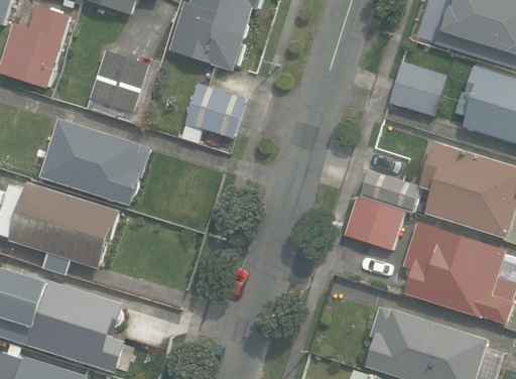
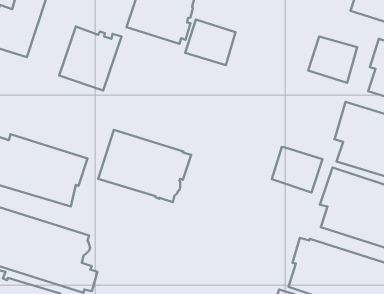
building: [184,84,246,139] -> [185,20,236,65]
building: [38,118,151,206] -> [98,130,191,202]
building: [360,170,420,213] -> none

